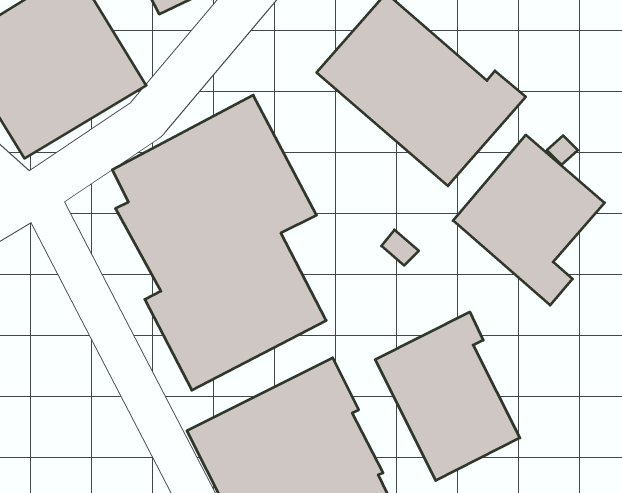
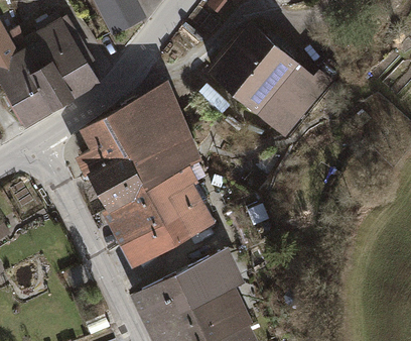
building: [453,135,605,305] -> none
building: [375,312,520,481] -> none

